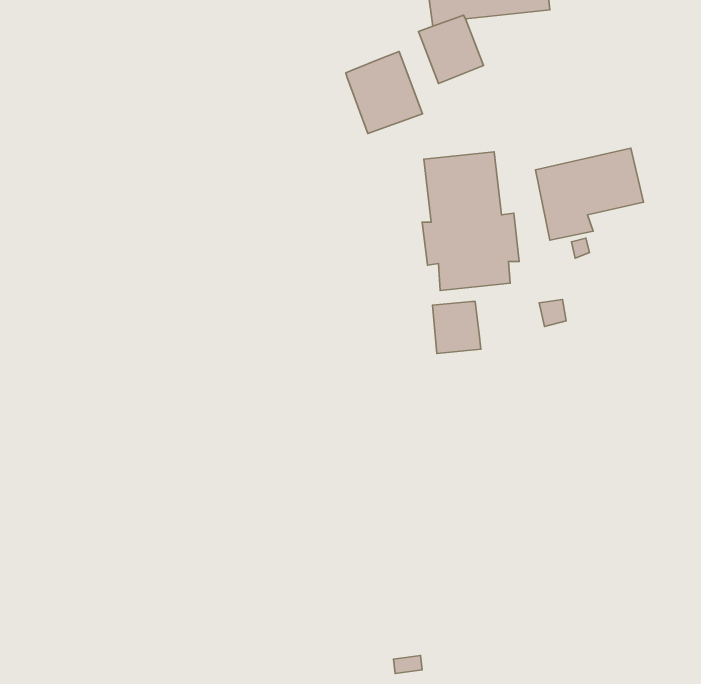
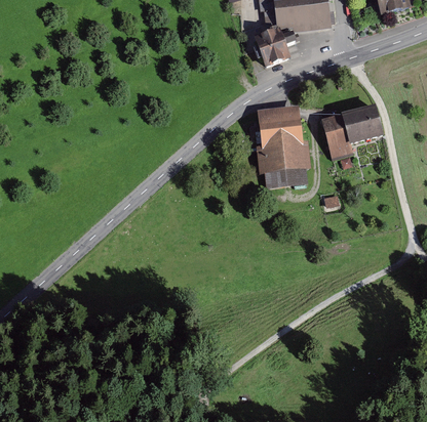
building: [346,52,423,133] -> none
building: [432,301,481,354] -> none

